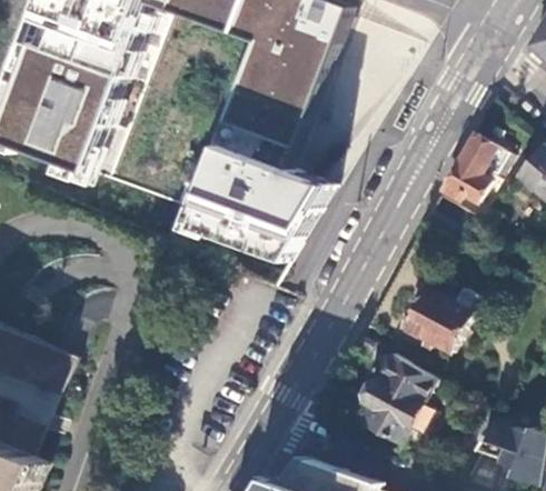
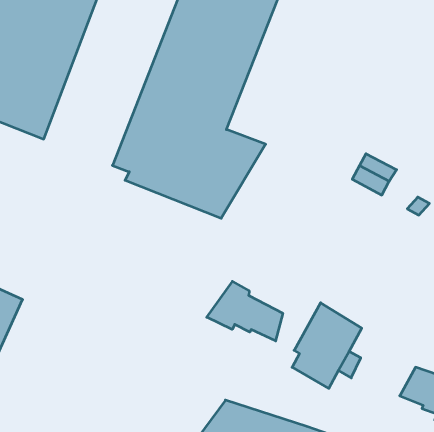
building: [443,134,505,203] -> none
building: [401,287,470,354] -> none
building: none -> [207,281,283,341]

